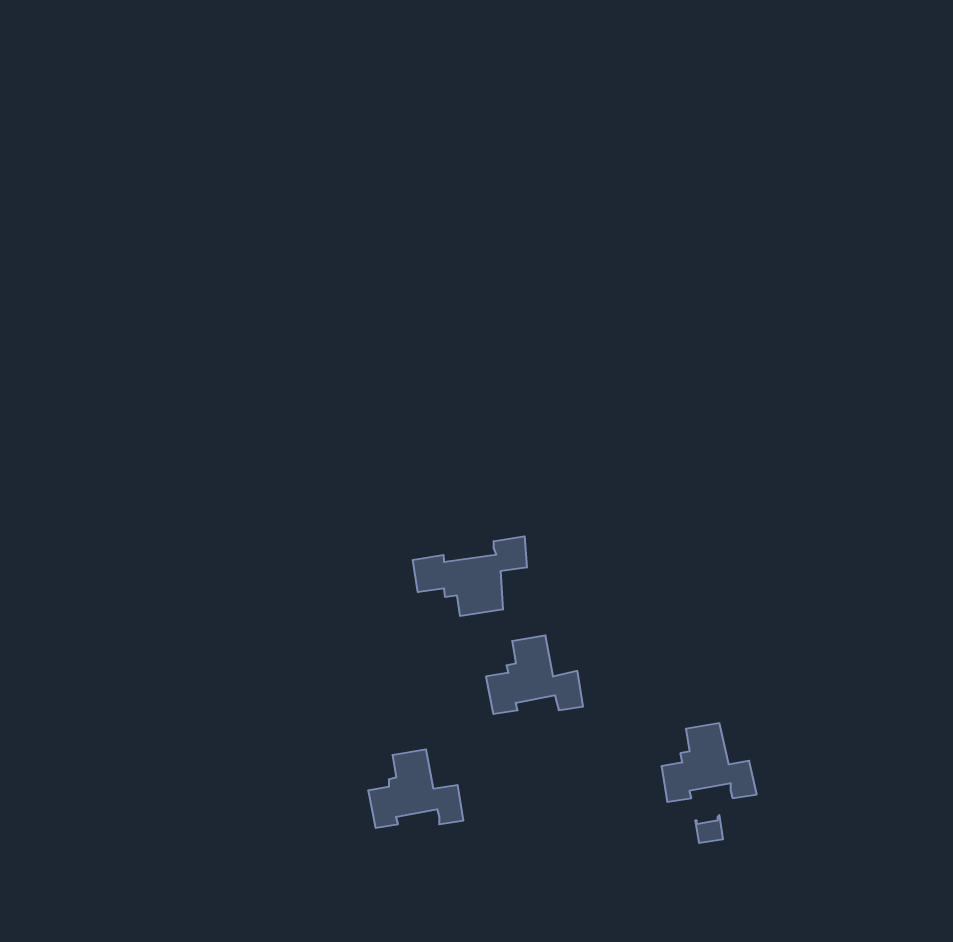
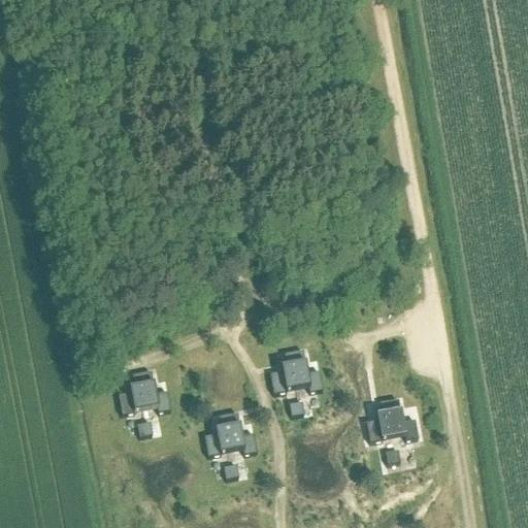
building: [413,536,527,616] -> none
building: none -> [118,371,171,416]

